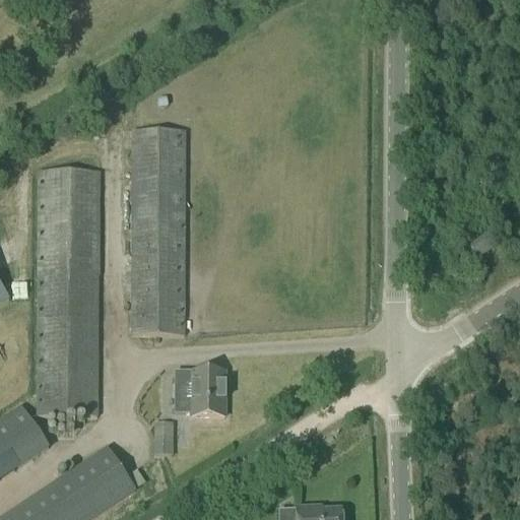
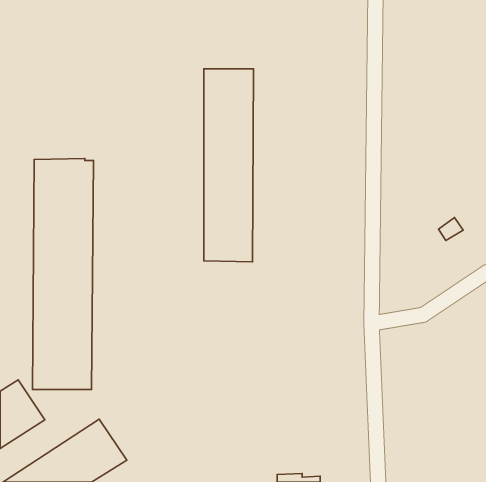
building: [132,129,185,334] -> [204,69,253,262]
building: [176,370,224,414] -> none
building: [153,420,174,453] -> none

